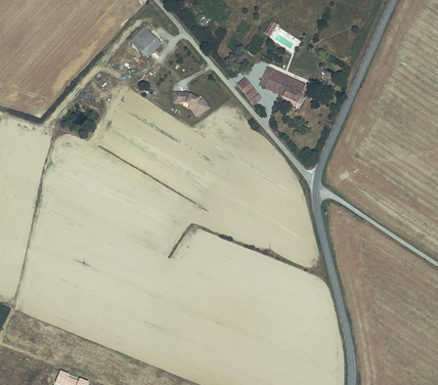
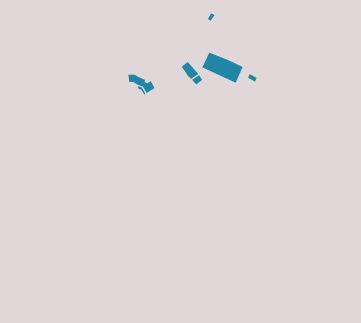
building: [130,27,161,57] -> none

